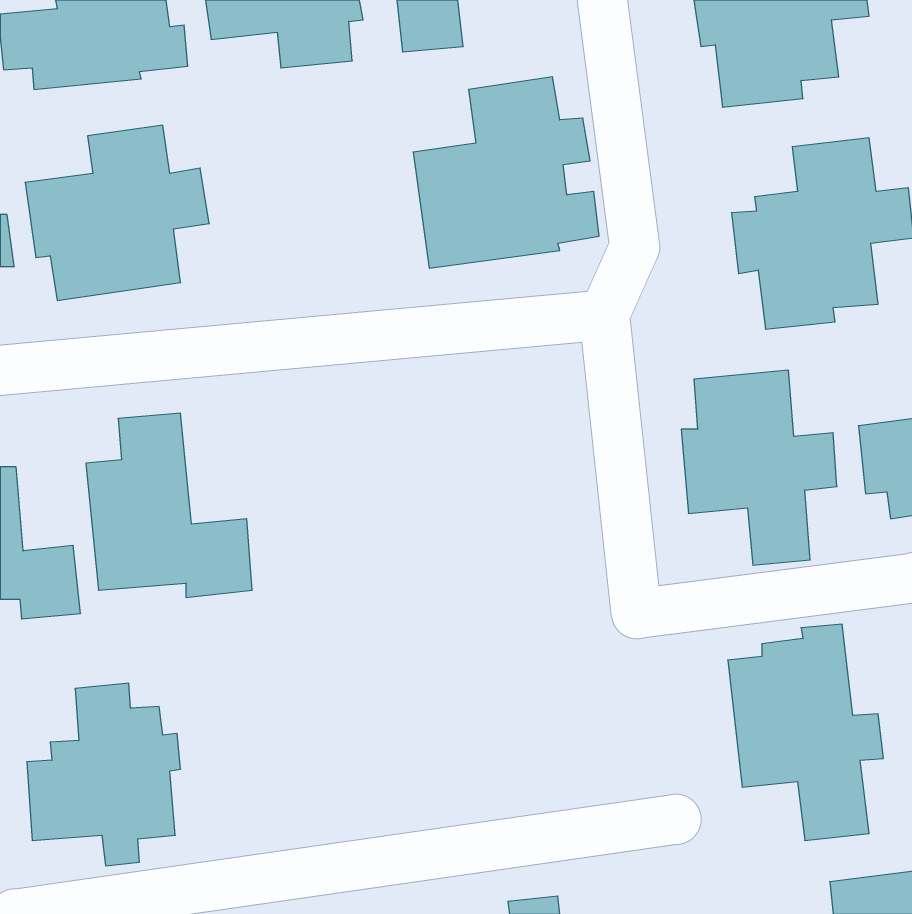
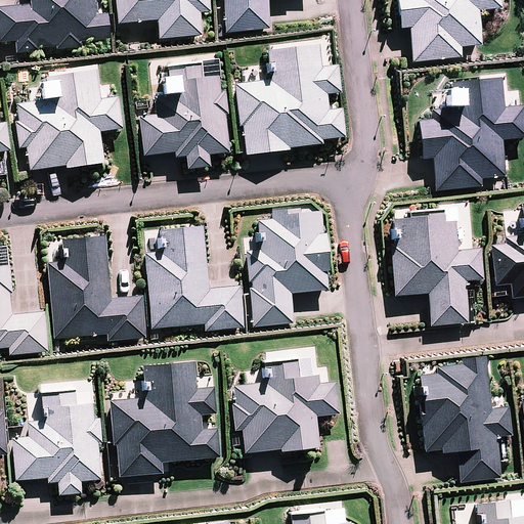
building: none -> [142,66,227,168]
building: none -> [249,209,331,323]
building: none -> [144,224,244,330]
building: none -> [233,362,336,450]
building: none -> [114,364,218,474]

